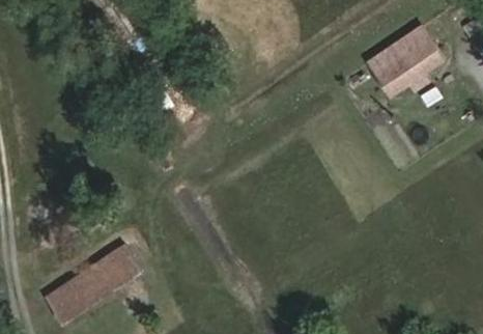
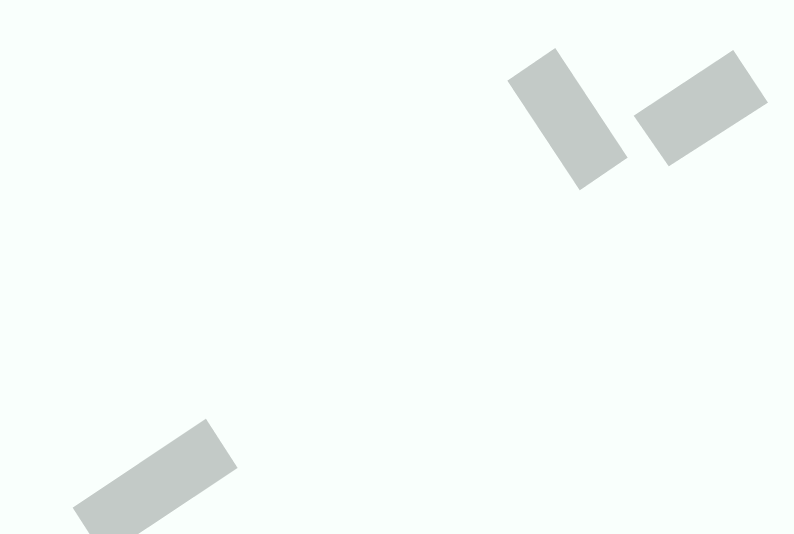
building: none -> [506,47,629,192]

